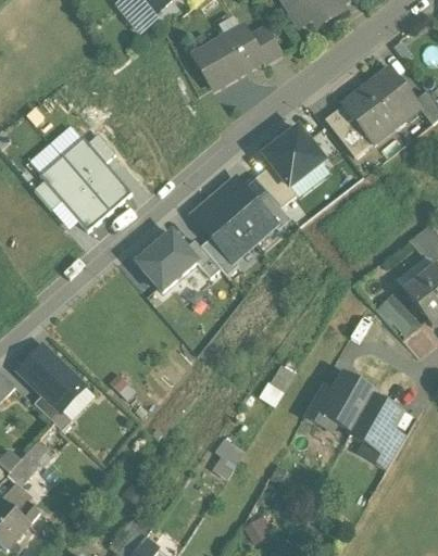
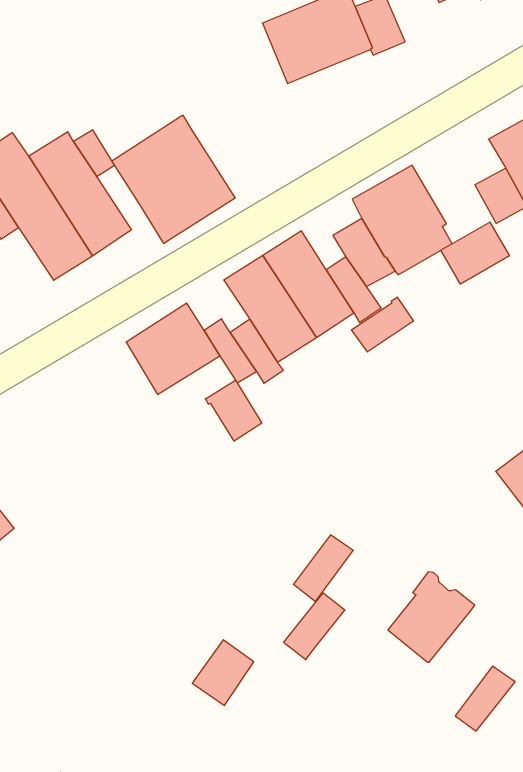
building: none -> [112,115,235,244]
building: none -> [441,222,509,284]
building: none -> [352,297,413,352]
building: none -> [205,380,262,441]
building: [302,381,337,424] -> [284,593,345,660]
building: [349,395,401,451] -> none

